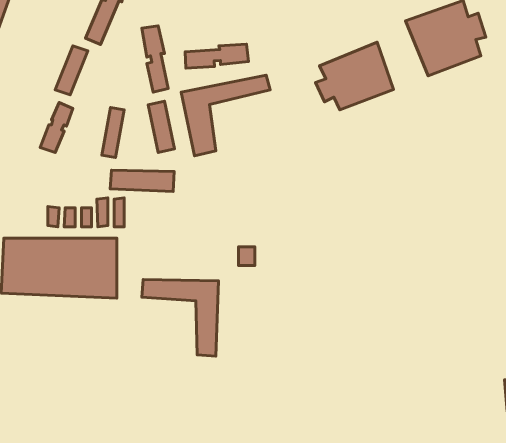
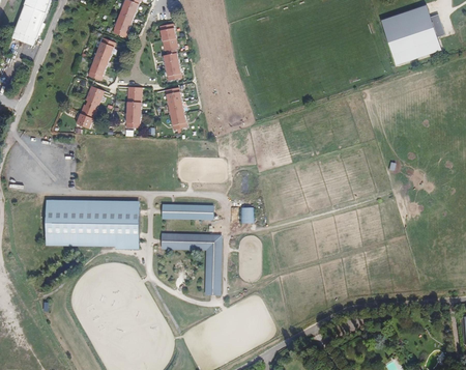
building: [316,42,393,110] -> none
building: [185,44,249,68] -> none
building: [181,75,270,156] -> none
building: [110,170,174,191] -> [161,203,213,221]

